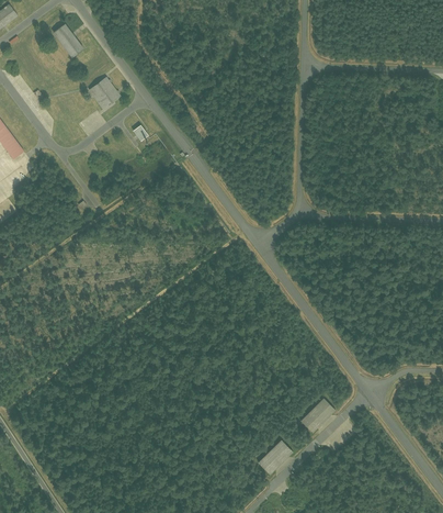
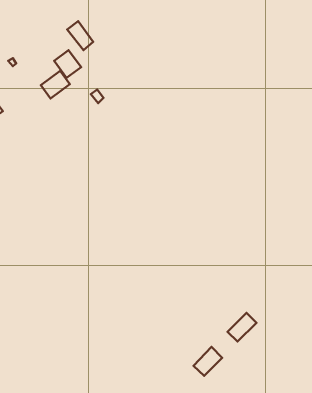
building: [50,21,82,56] -> [67,21,93,50]
building: none -> [41,71,70,98]

